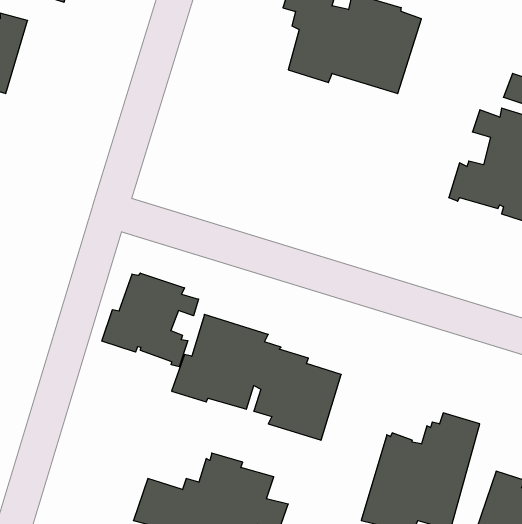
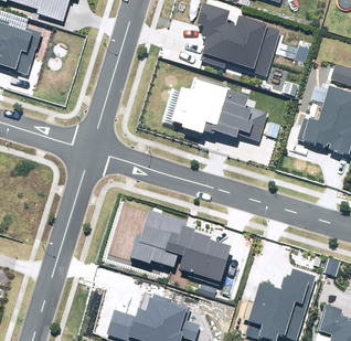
building: none -> [171,76,267,141]
building: [102,273,199,367] -> none

